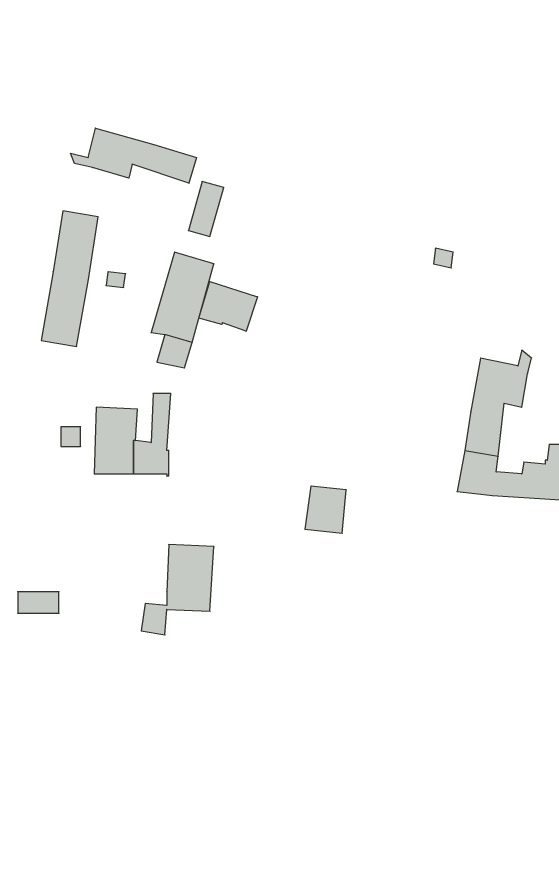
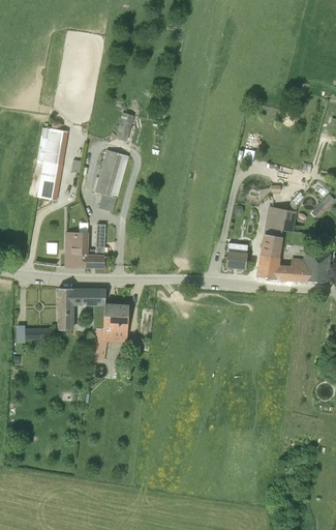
building: [71,128,196,183] -> none
building: [199,282,258,331] -> none
building: [305,486,346,533] -> [225,242,247,267]
building: none -> [58,288,105,329]

